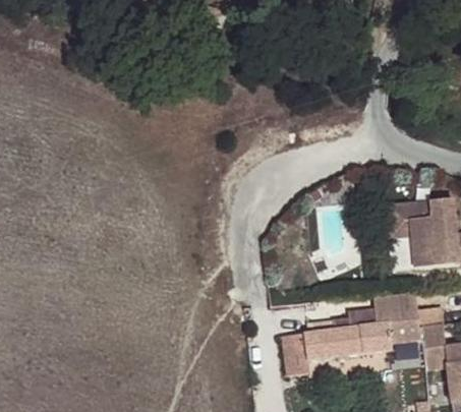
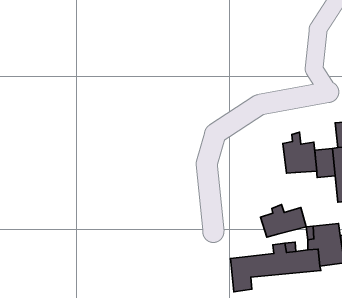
building: none -> [283,132,317,173]
building: none -> [261,205,306,237]

